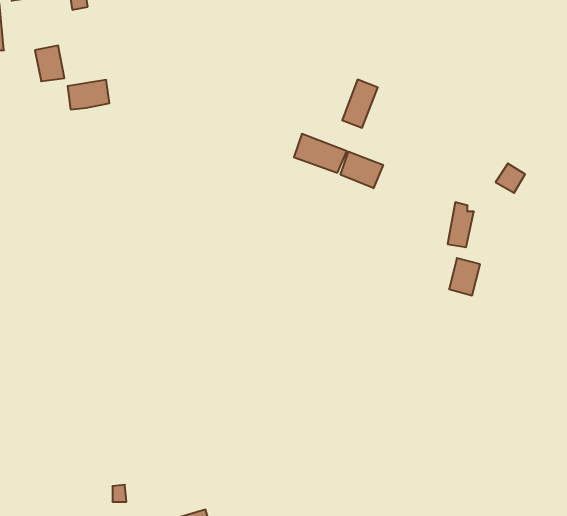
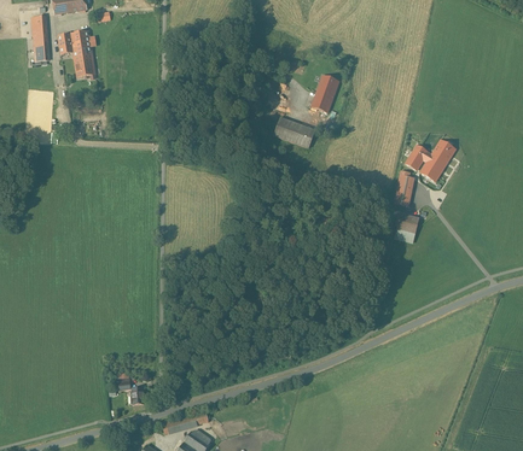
building: [68,80,109,109] -> [58,30,91,53]
building: [341,152,383,188] -> none
building: none -> [406,145,446,181]

